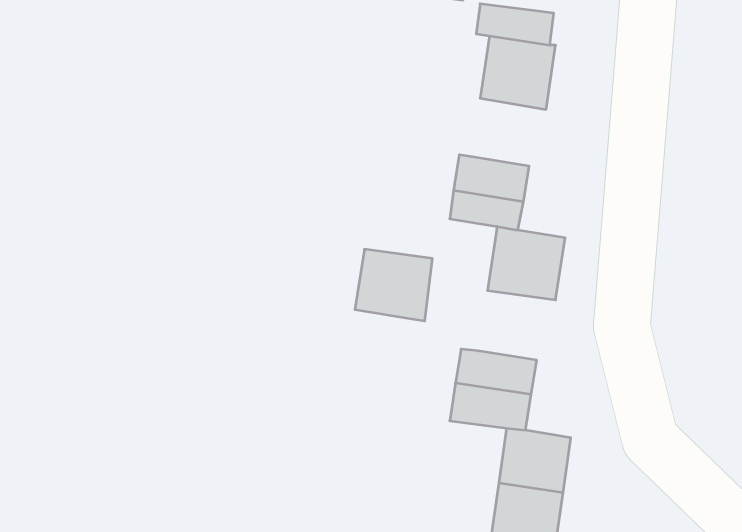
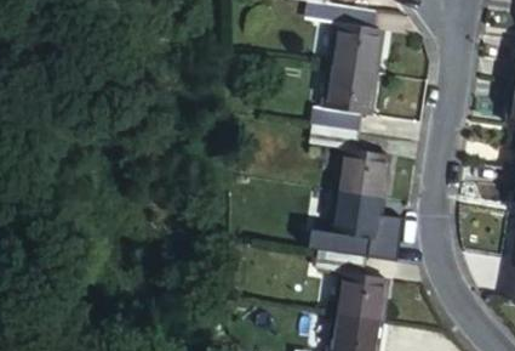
building: none -> [327,68,376,112]
building: [355,249,432,321] -> [332,192,382,238]

